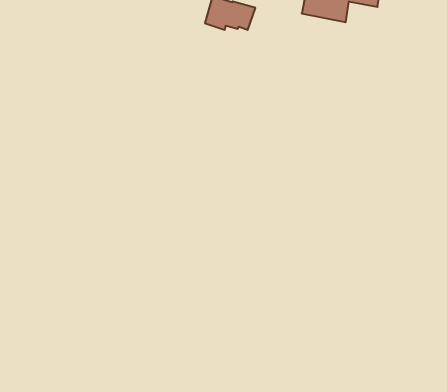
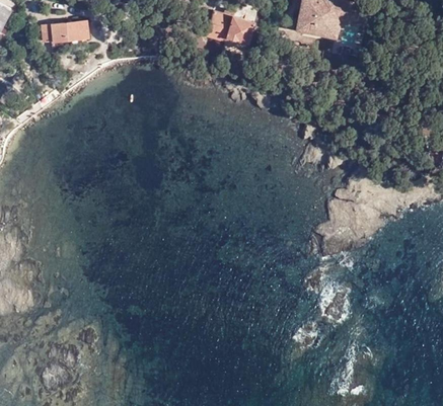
building: none -> [42,22,88,43]

